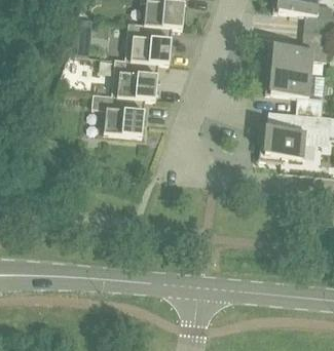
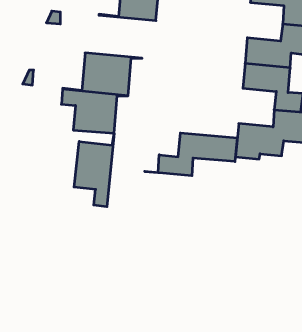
building: [115,23,183,64] -> none
building: none -> [145,133,237,176]
building: none -> [74,133,114,207]

